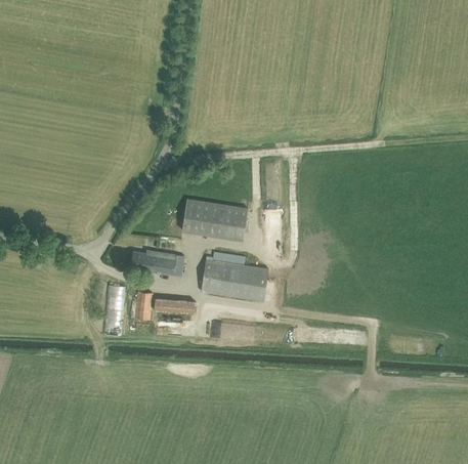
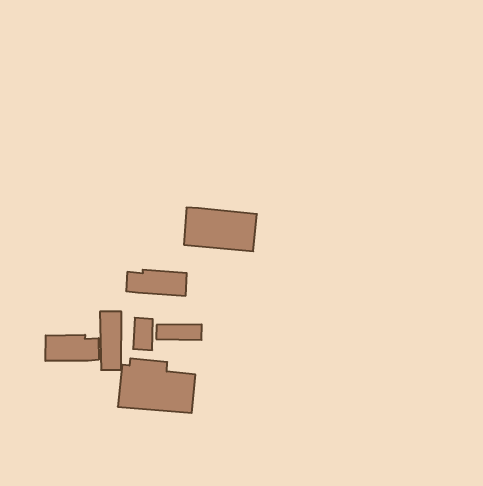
building: [200,251,268,301] -> [118,358,195,413]
building: none -> [45,335,99,361]

